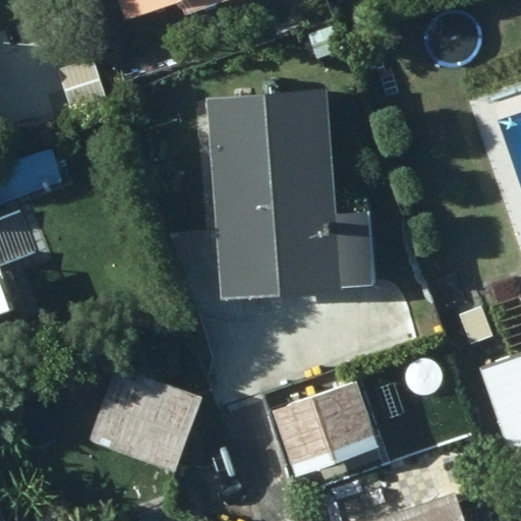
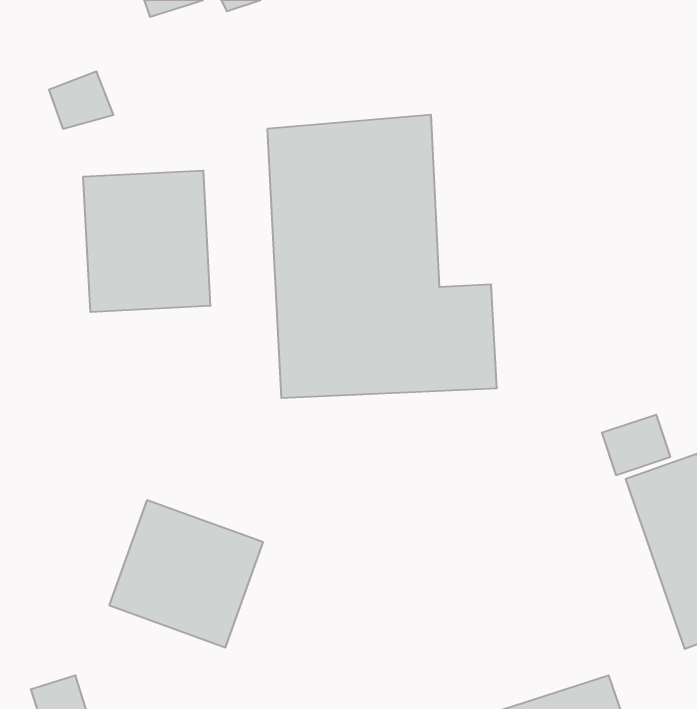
building: none -> [83,170,210,312]
building: [274,384,379,475] -> none

